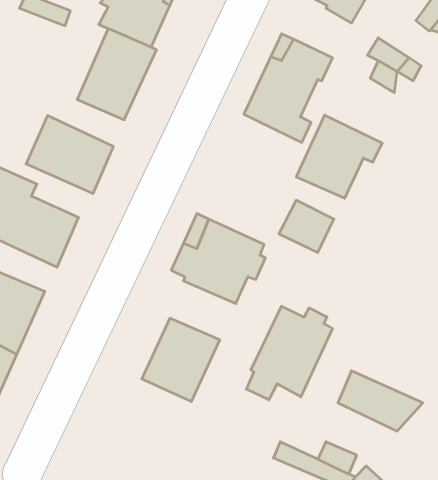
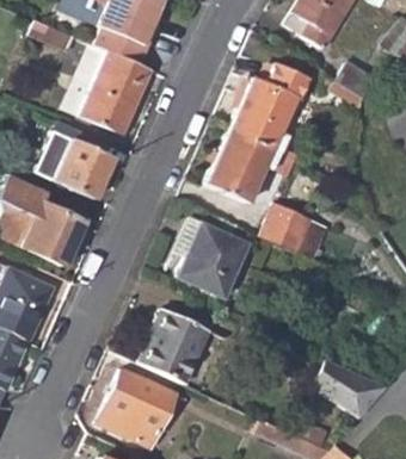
building: [296,115,382,198] -> [204,129,281,203]
building: [246,306,332,400] -> none
building: none -> [98,370,174,446]

